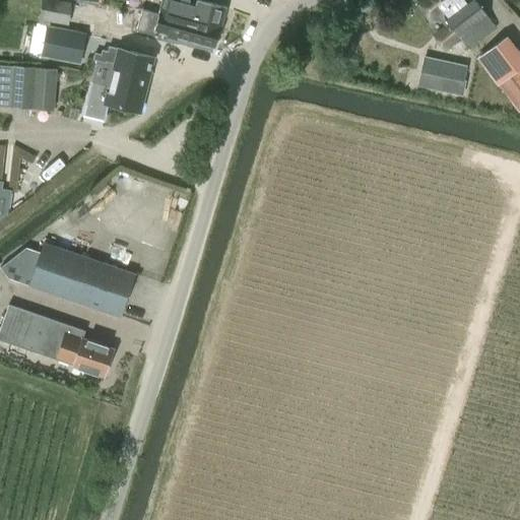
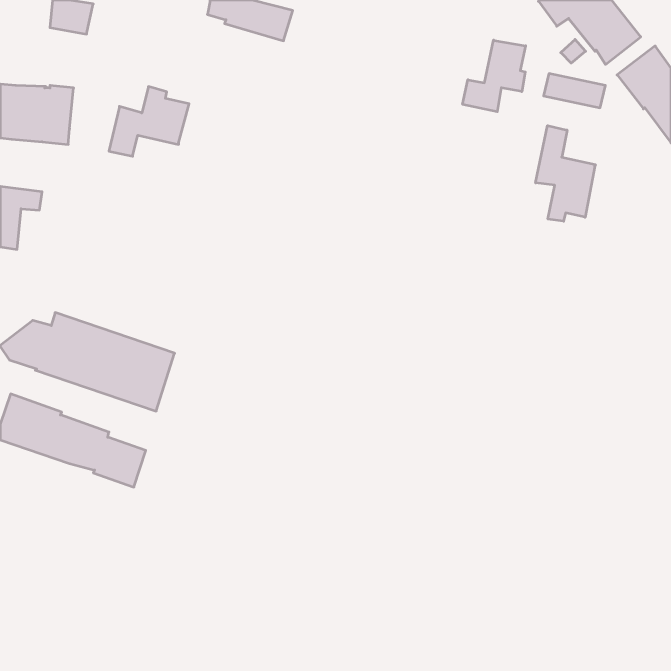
building: [138,18,219,52] -> none
building: [42,27,86,65] -> none
building: none -> [463,40,526,112]
building: [93,47,152,80] -> none
building: none -> [536,126,595,221]

